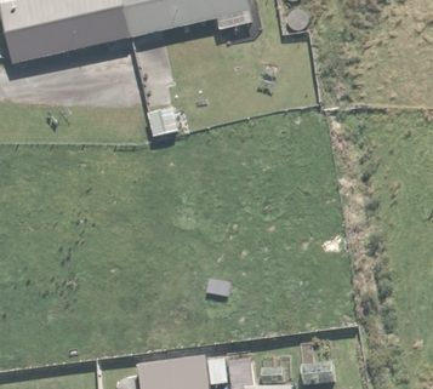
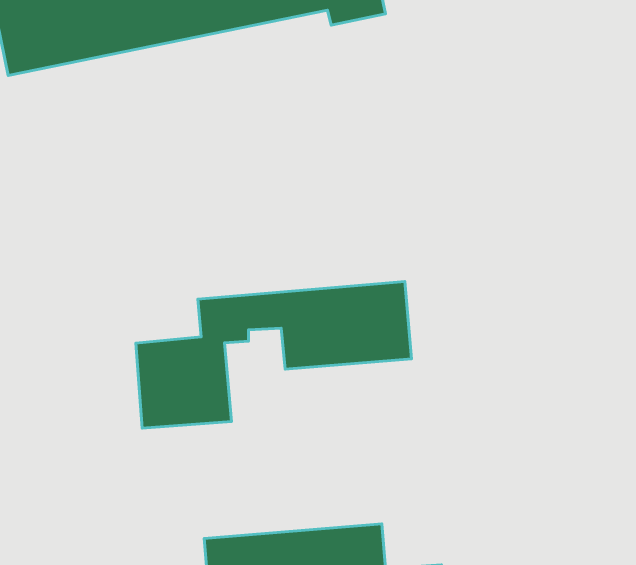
building: none -> [136,282,412,428]

